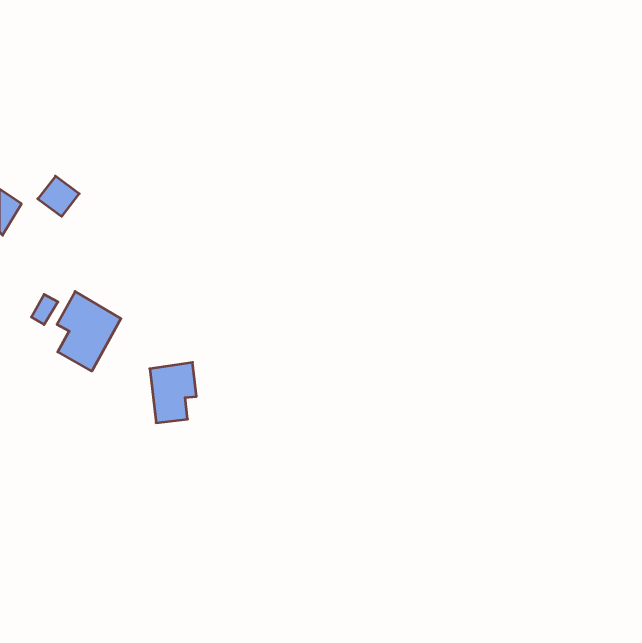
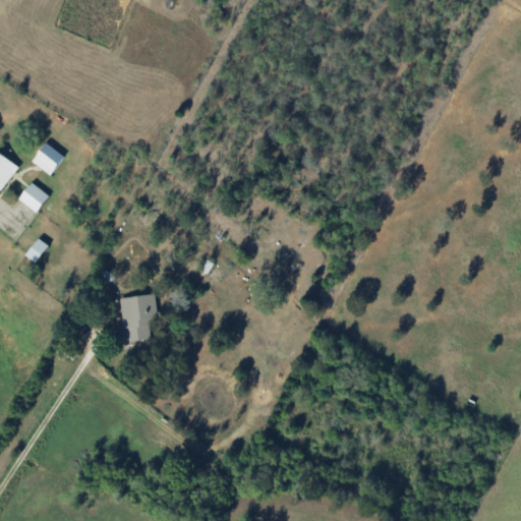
building: none -> [18,182,48,212]
building: [57,291,121,371] -> none

